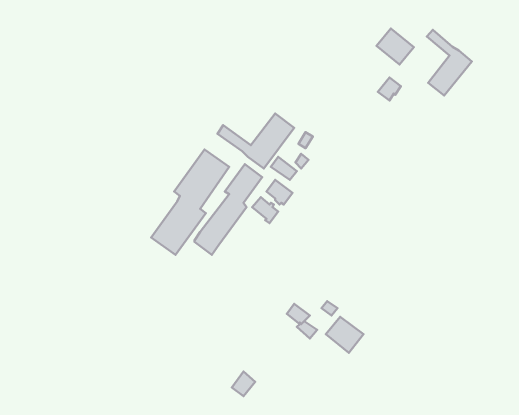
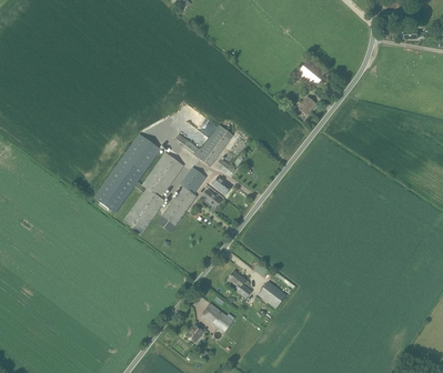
building: [427,30,472,96] -> none
building: none -> [93,132,160,211]
building: none -> [201,302,233,331]

